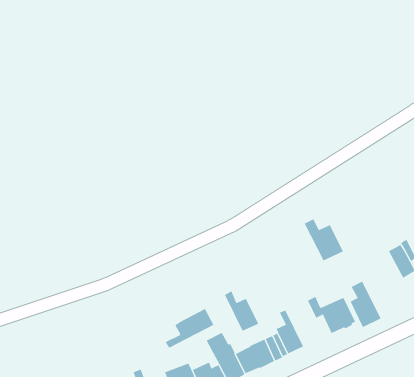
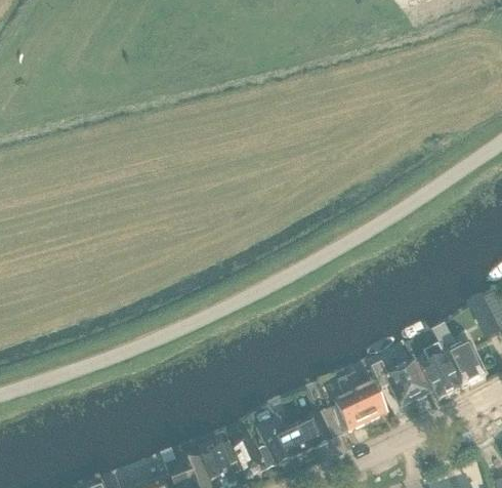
building: [304,218,344,261] -> [438,333,487,384]
building: [224,291,259,331] -> [346,370,388,419]
building: [165,308,214,348] -> none

